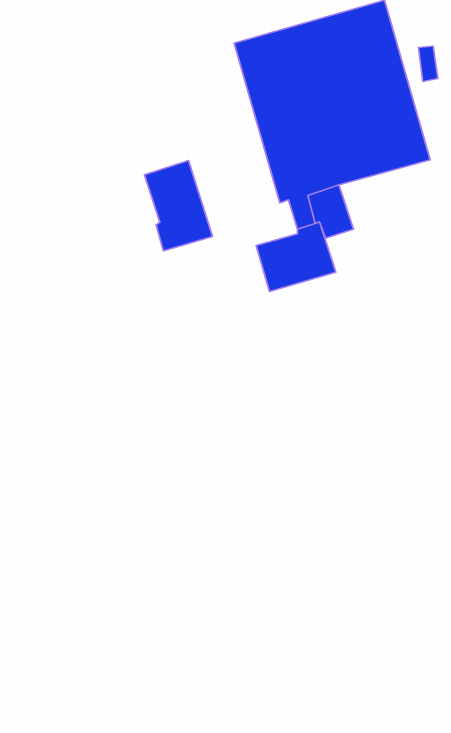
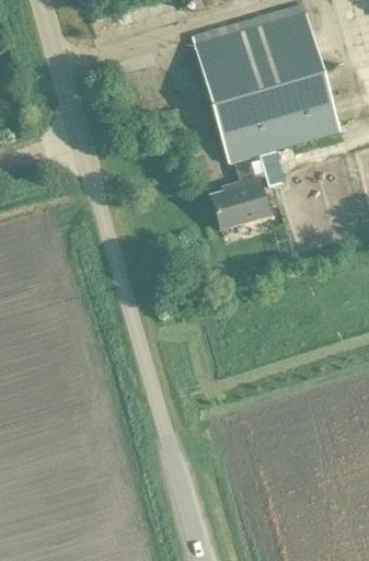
building: [145,161,213,251] -> none

